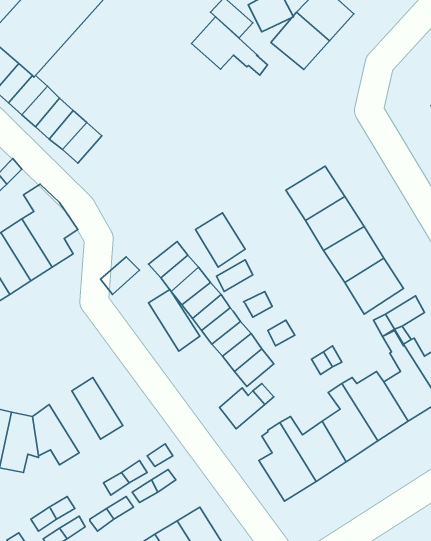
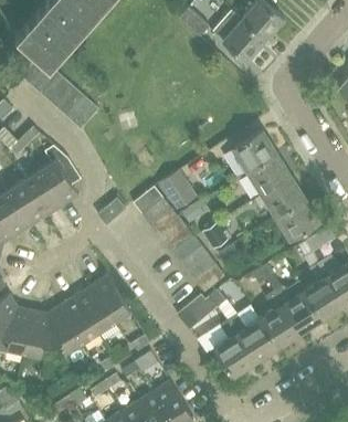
building: [192,17,268,75] -> none
building: [149,289,200,351] -> [92,276,129,321]
building: none -> [60,296,97,341]

